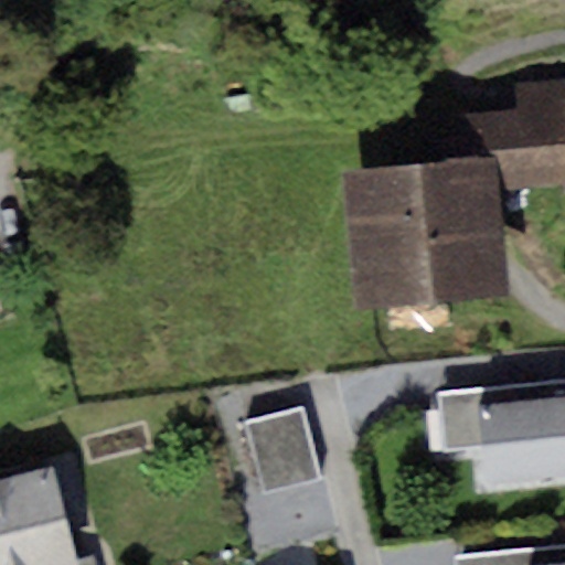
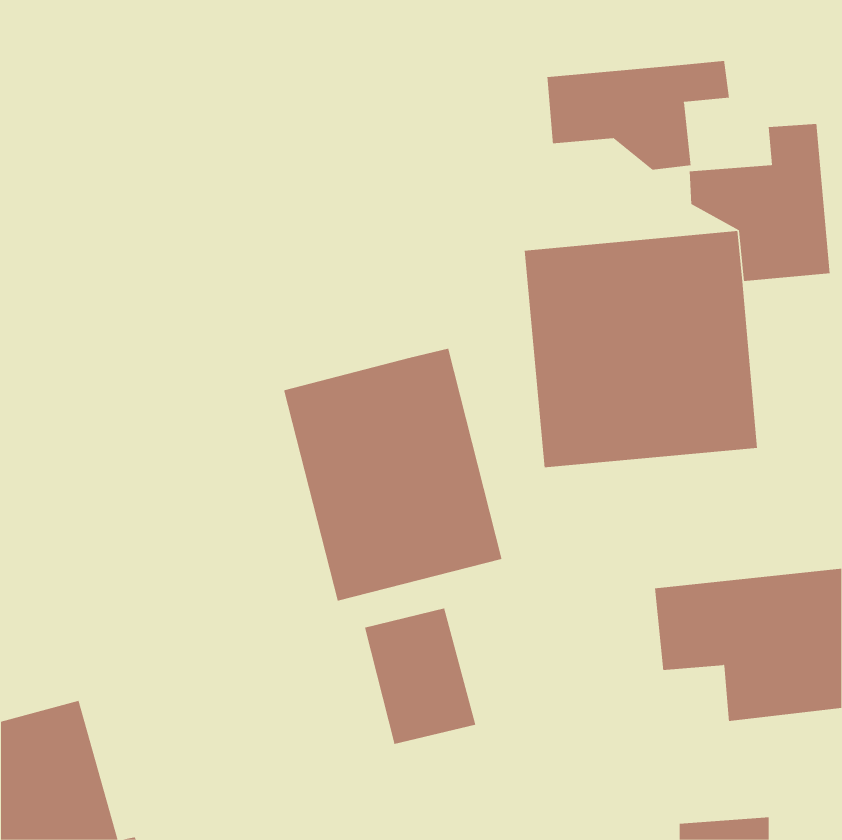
building: none -> [547,60,729,170]
building: none -> [284,348,502,602]

